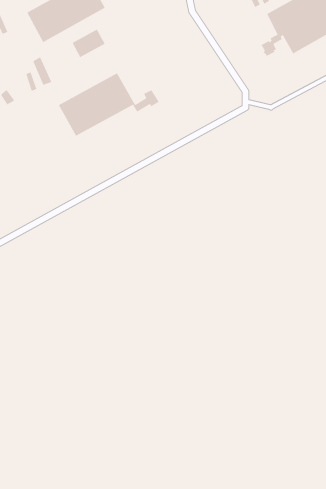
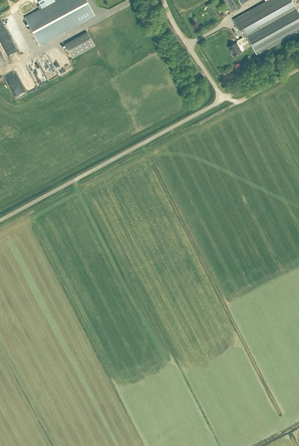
building: [58,72,159,136] -> none

